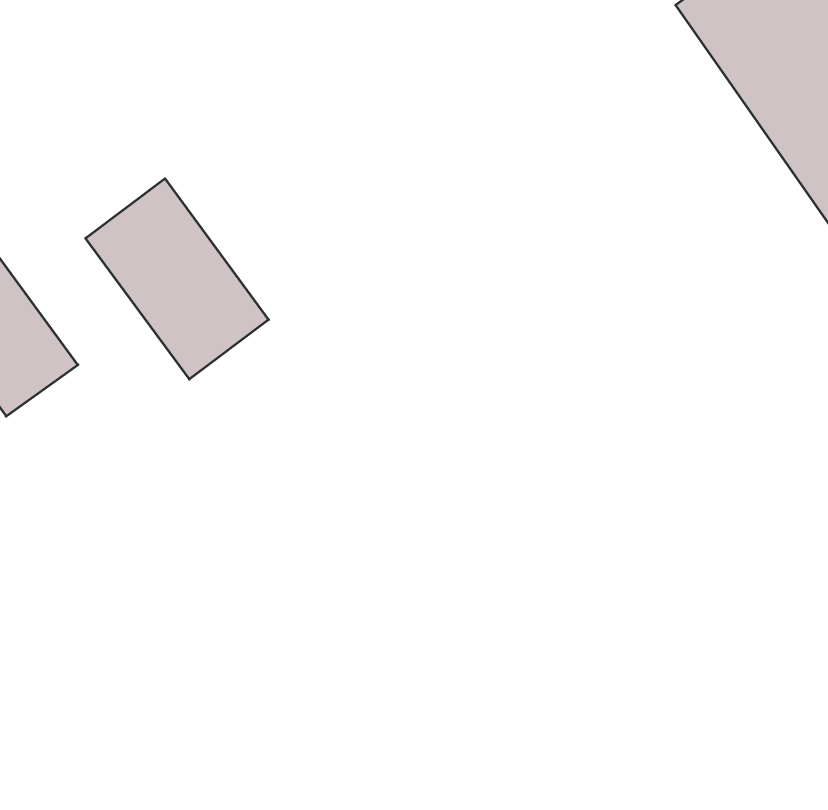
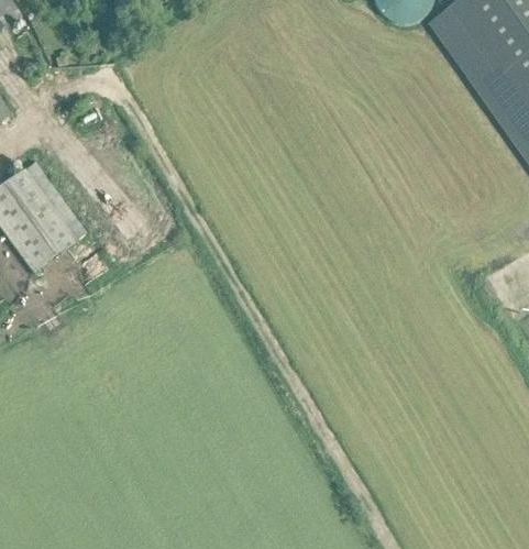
building: [86,179,269,379] -> none

